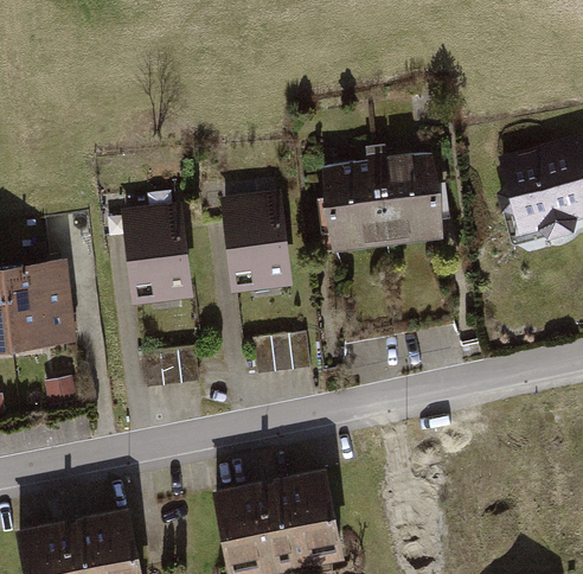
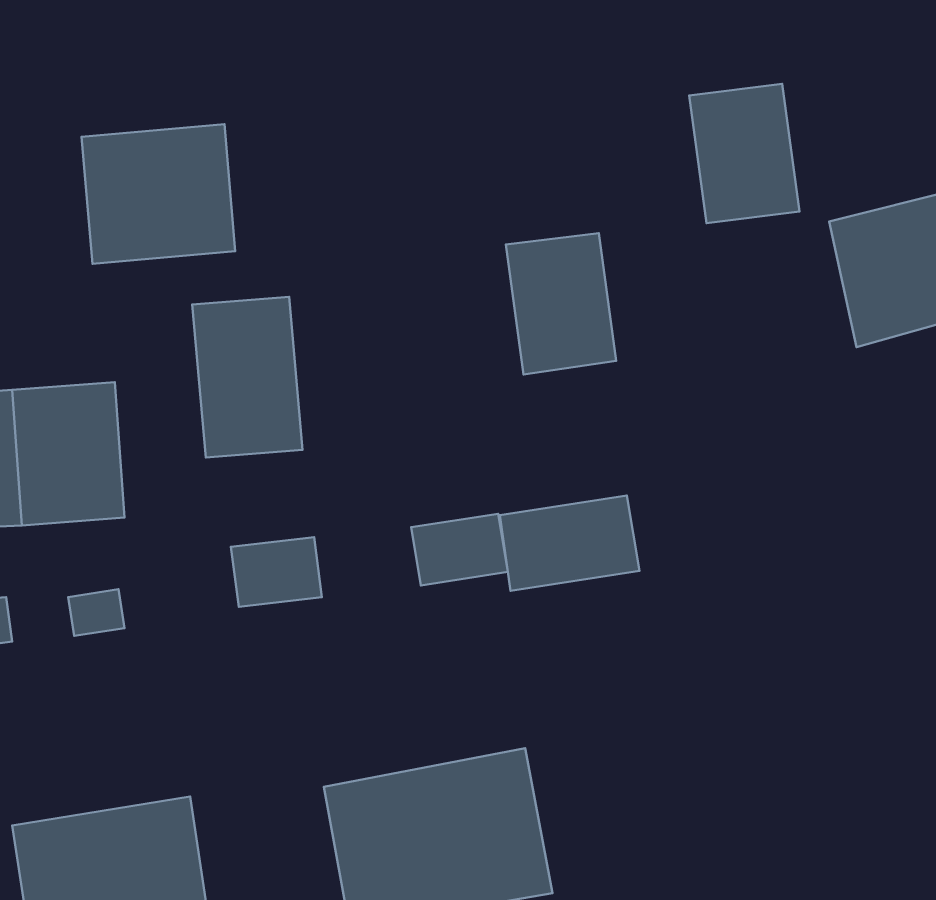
building: none -> [82,124,235,264]
building: [372,155,440,241] -> [689,84,799,223]
building: [220,193,288,288] -> none
building: none -> [500,496,639,591]

